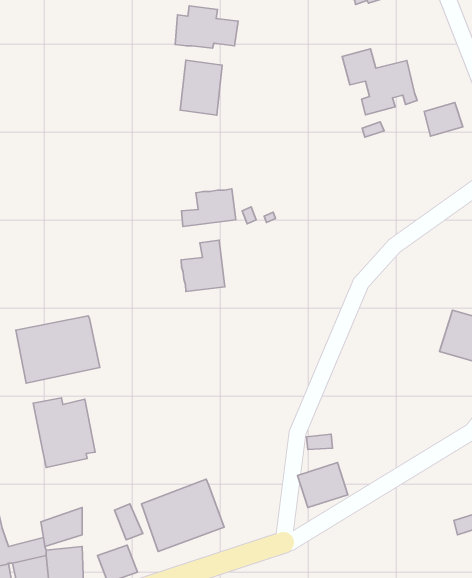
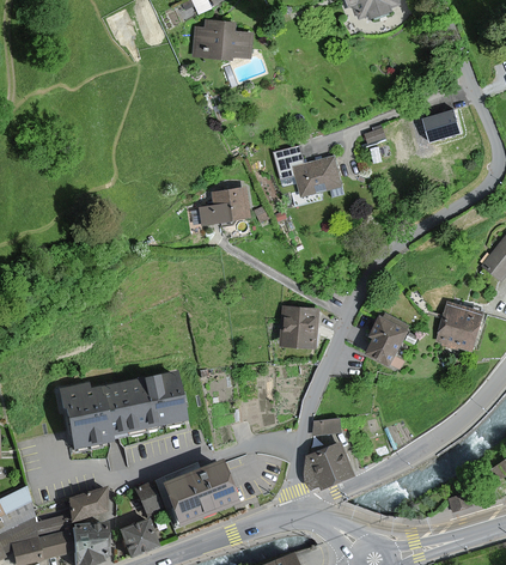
building: [342,49,417,115] -> [274,146,343,207]
building: [180,60,222,115] -> none
building: [181,240,225,292] -> none
building: [16,316,100,383] -> [109,372,187,435]
building: none -> [284,309,318,347]
building: none -> [364,318,404,367]

